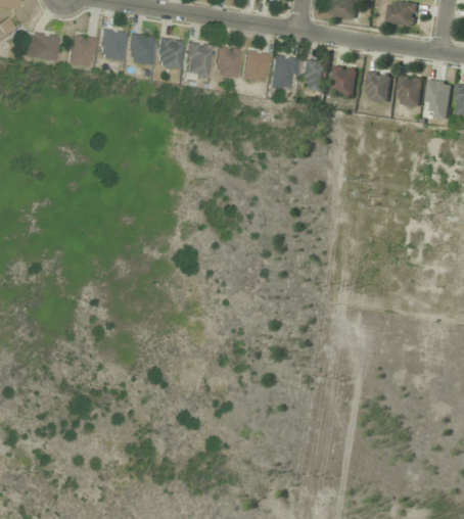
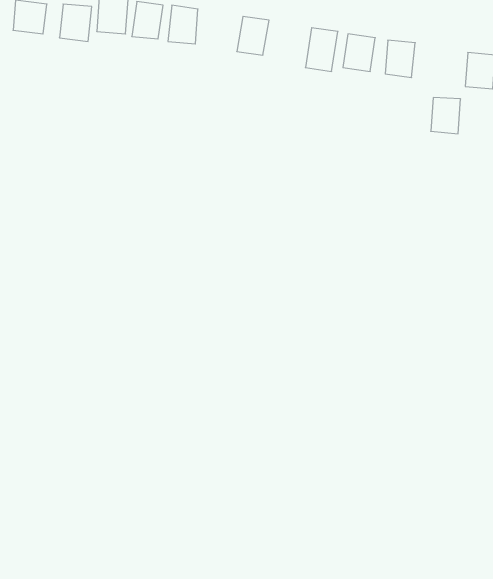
building: [183,43,208,78] -> none
building: [239,50,267,83] -> none
building: [367,72,391,101] -> [431,98,461,134]

